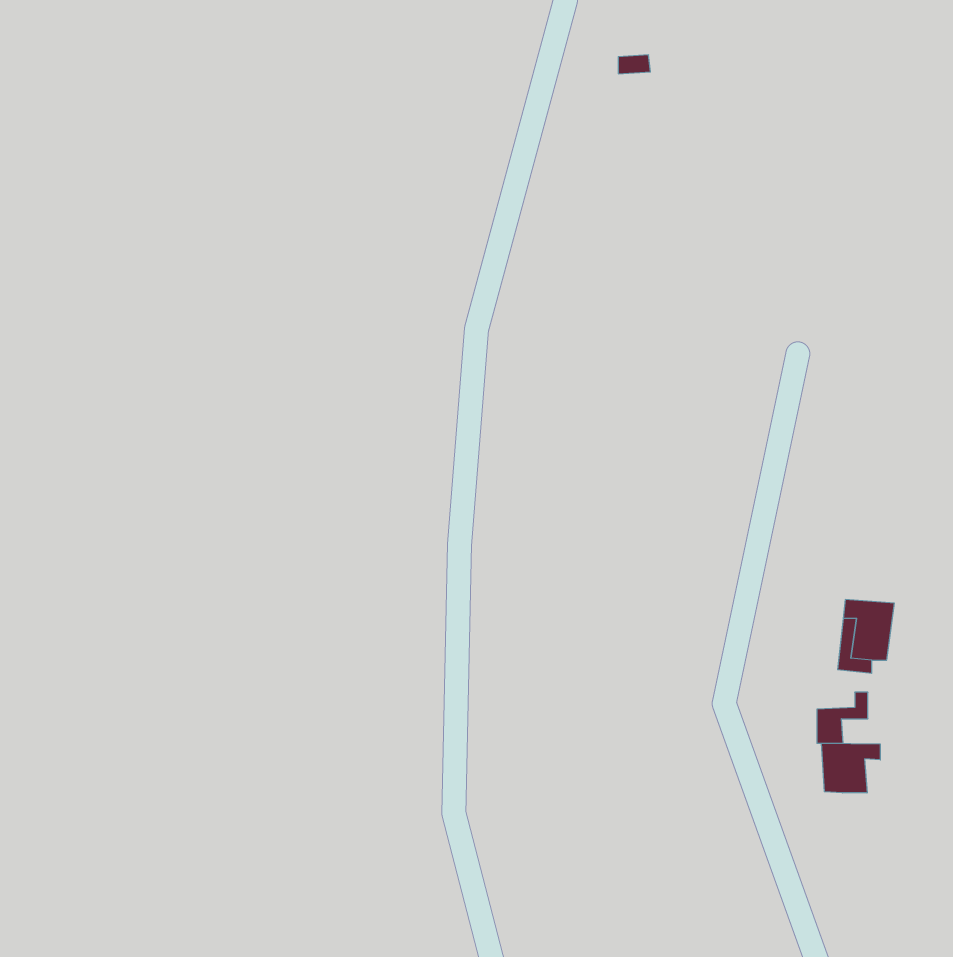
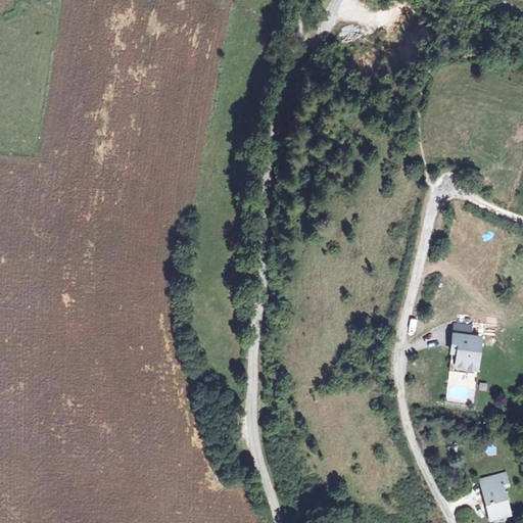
building: [821,743,880,793] -> none
building: none -> [482,475,509,517]

